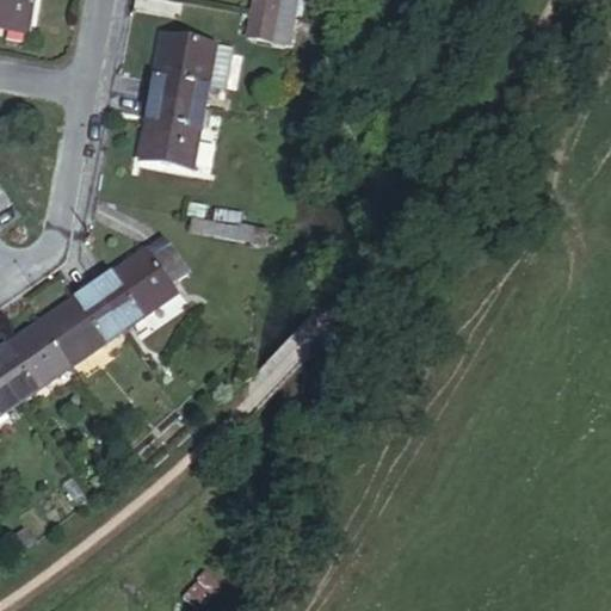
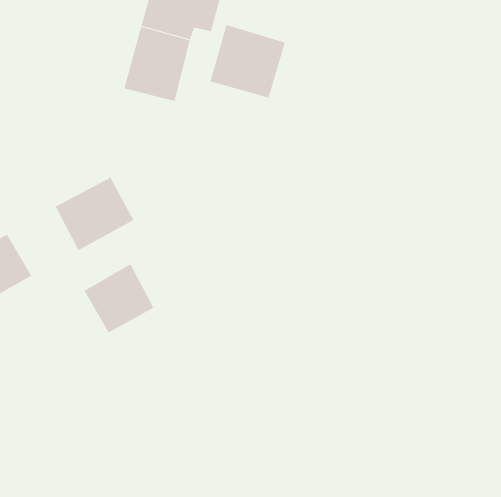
building: none -> [210,24,285,99]
building: [48,285,123,360] -> [84,264,154,333]

